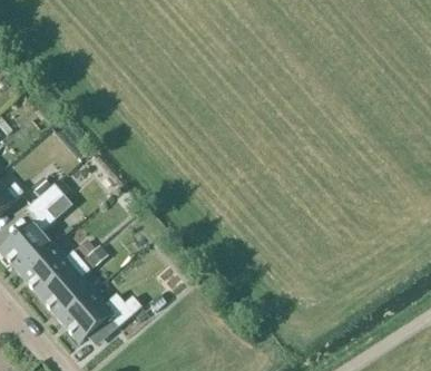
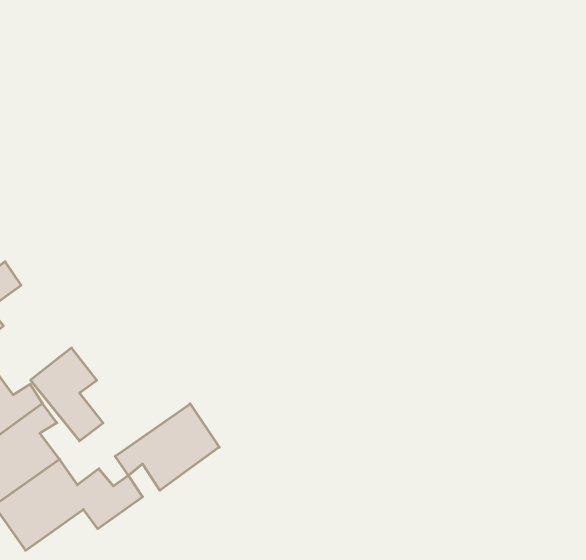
building: none -> [115,404,219,490]

